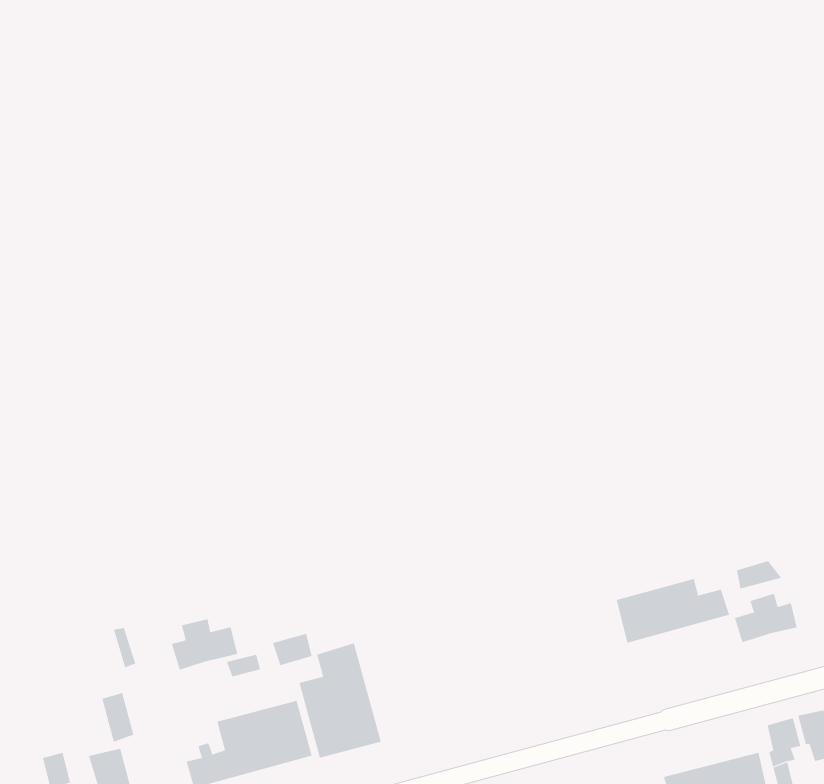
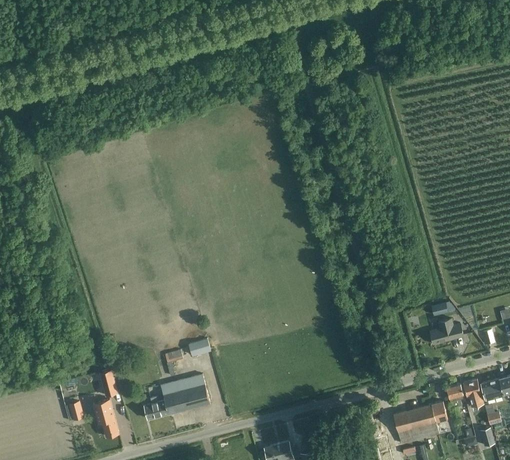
building: [616,578,730,644] -> none
building: [171,618,238,671] -> none
building: [299,642,382,758] -> none

